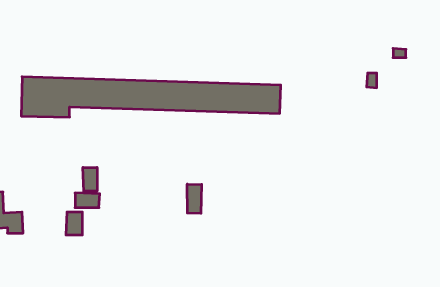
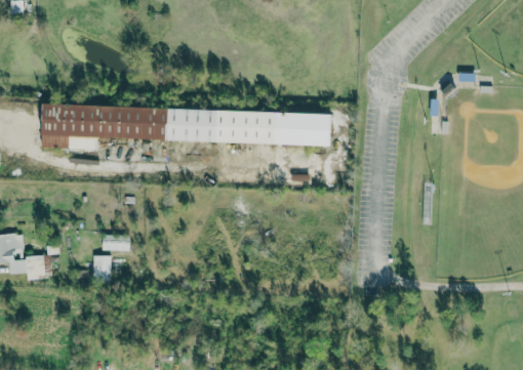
building: [83,167,97,191] -> none
building: [187,184,202,213] -> none

